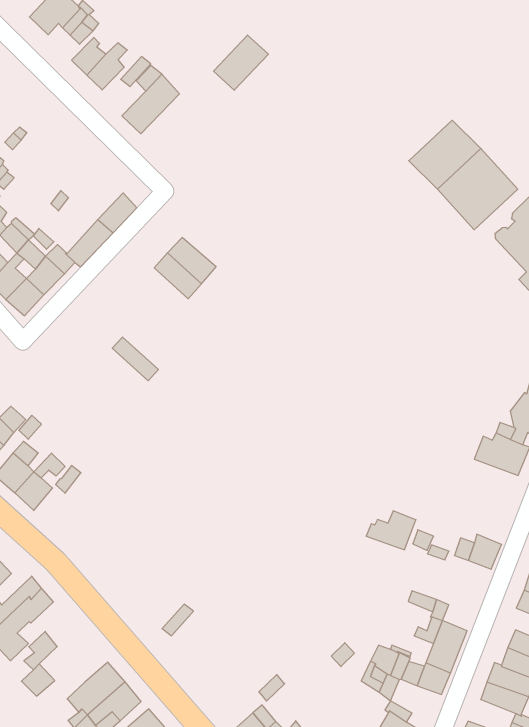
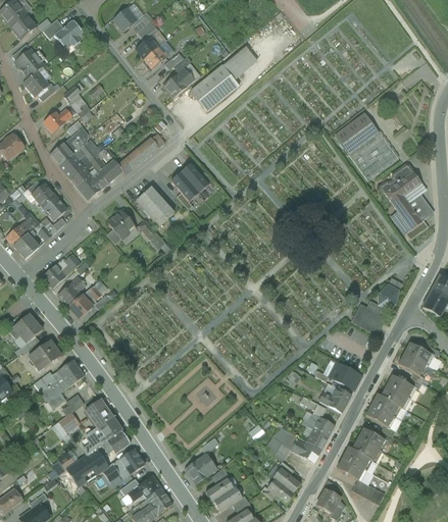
building: none -> [190,64,238,110]
building: none -> [136,187,173,225]
building: none -> [107,210,135,244]
building: [366,511,416,550] -> [318,386,350,411]
building: none -> [85,399,112,426]

